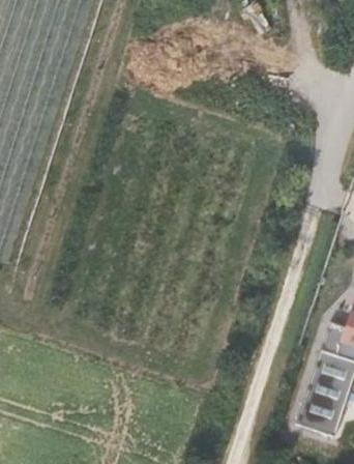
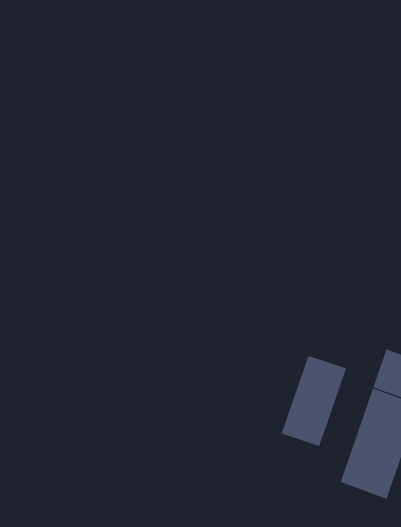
building: none -> [281,355,347,447]

